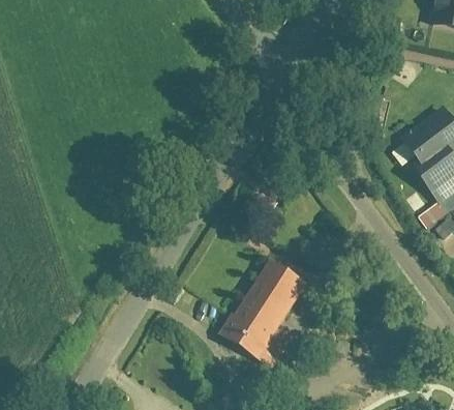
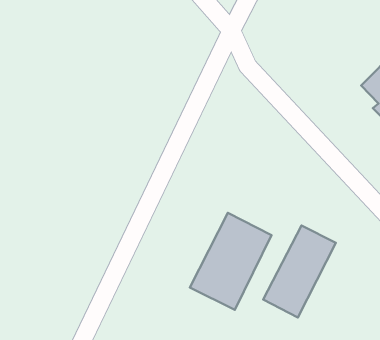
building: none -> [263,226,336,318]

